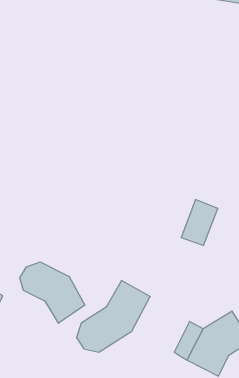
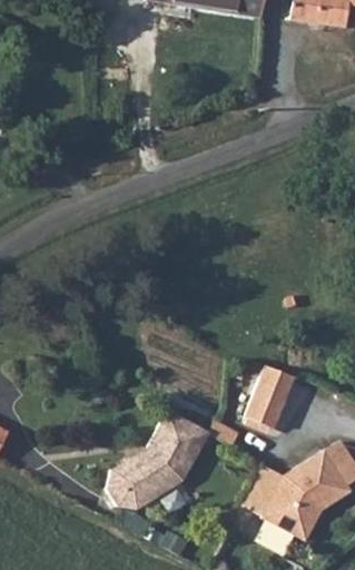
building: [181,200,218,245] -> [246,362,297,425]
building: [20,262,85,323] -> none

